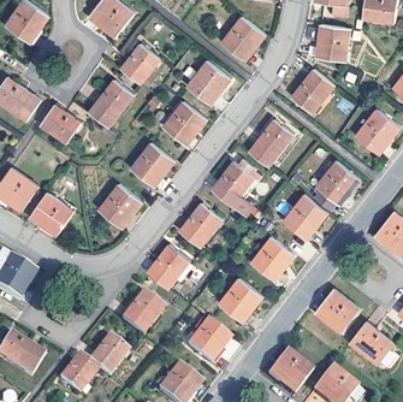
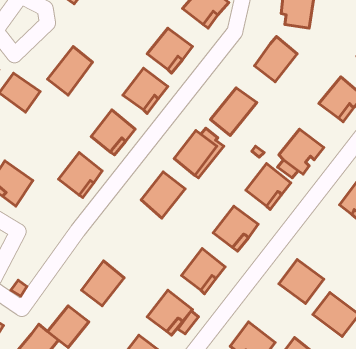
building: [120,42,159,83] -> none
building: [148,244,191,289] -> none

